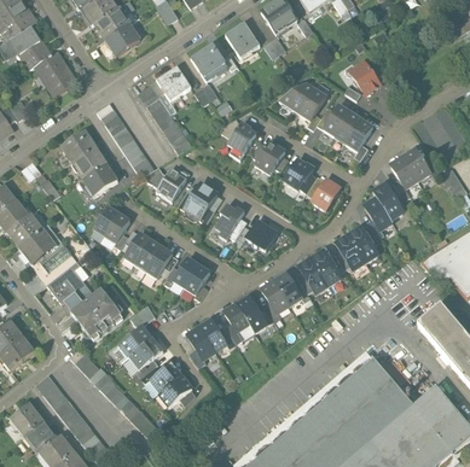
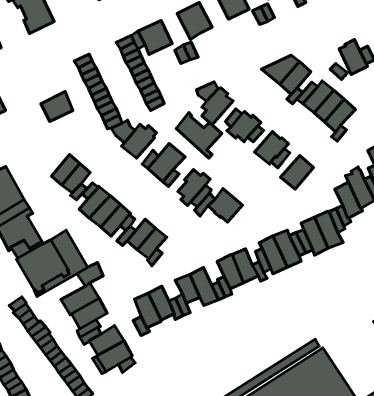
building: [62,129,95,162] -> none
building: none -> [176,113,222,158]
building: [76,163,117,199] -> none

